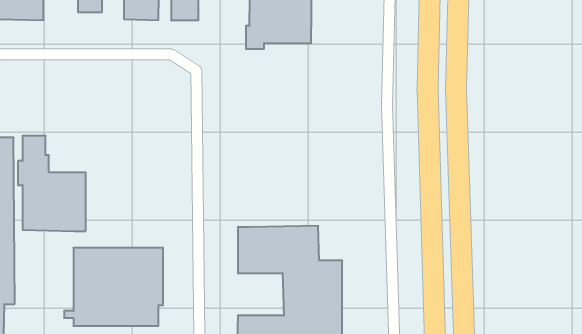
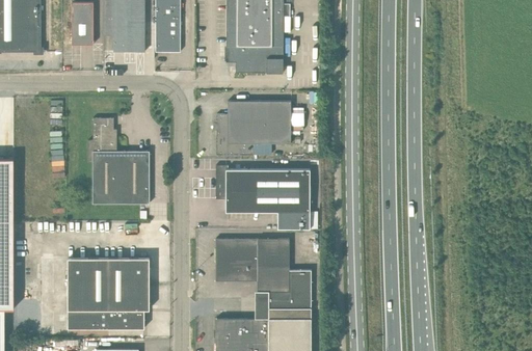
building: none -> [216,101,291,155]
building: [18,136,86,231] -> [88,117,150,204]
building: none -> [216,165,310,228]

